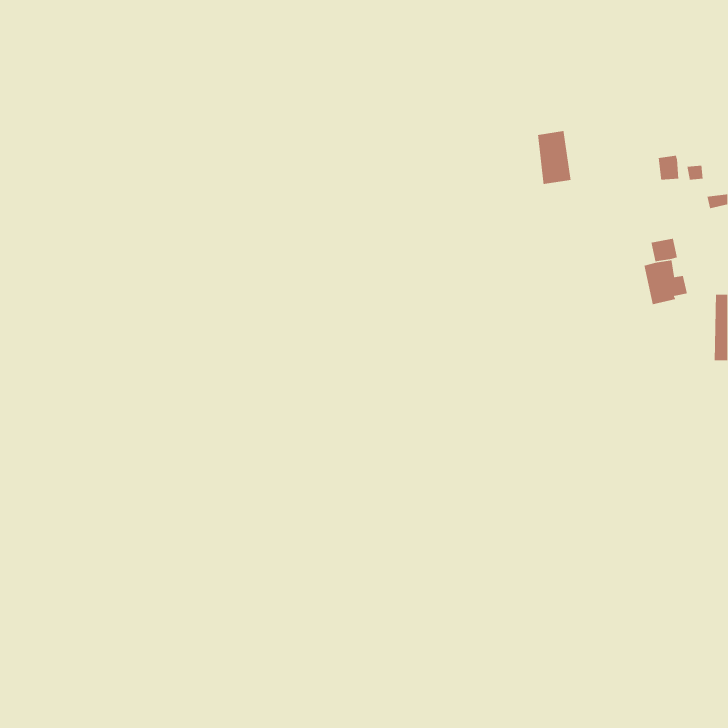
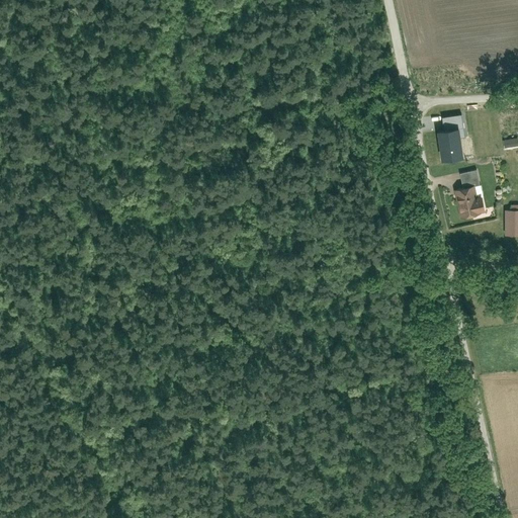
building: [537,130,571,185] -> [439,123,463,162]

